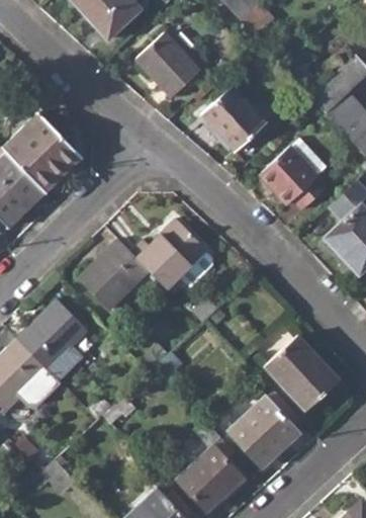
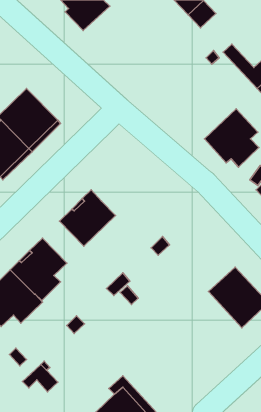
building: [135,32,199,97] -> none
building: [200,85,267,152] -> none
building: [131,219,212,292] -> none
building: [226,396,299,467] -> none
building: [176,432,244,509] -> none

